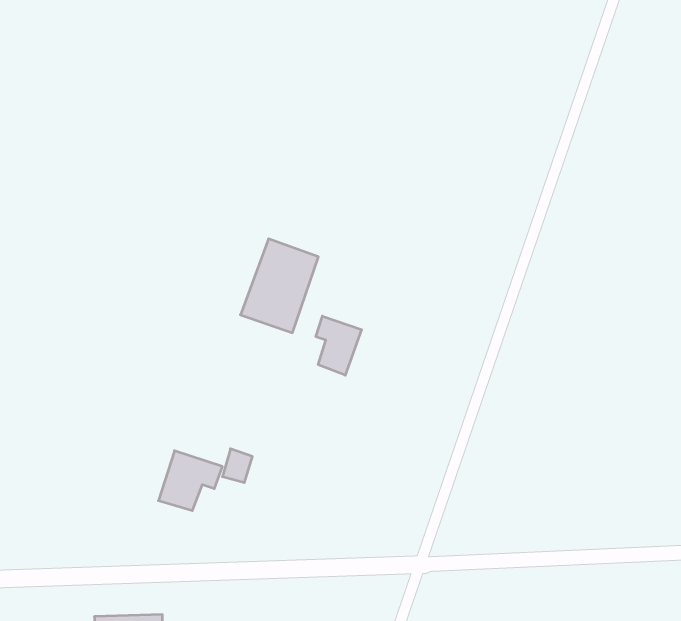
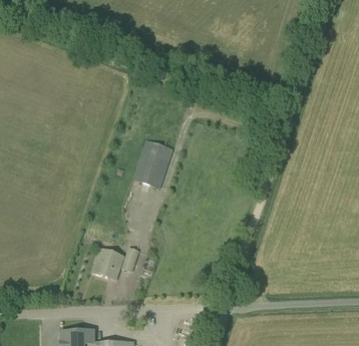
building: [316,316,362,375] -> none

